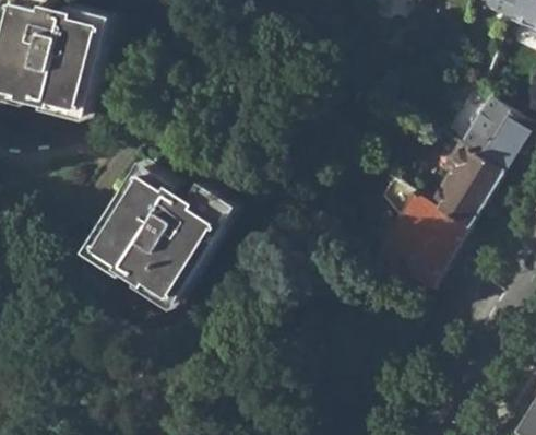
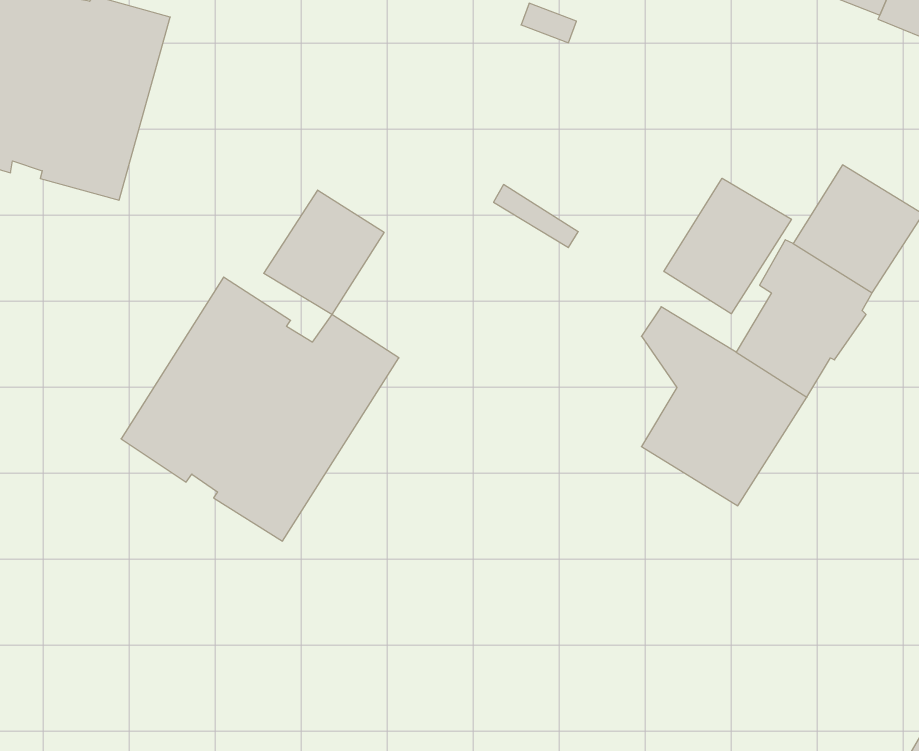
building: none -> [664,178,791,314]
building: none -> [264,190,384,315]

